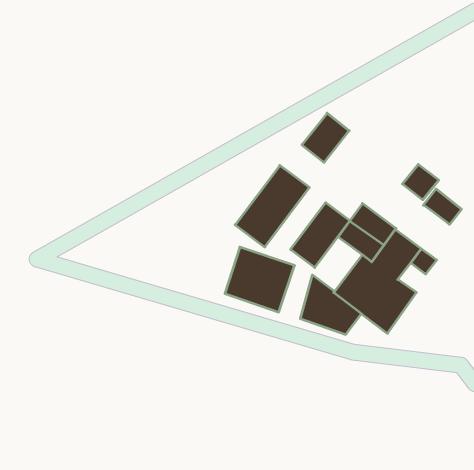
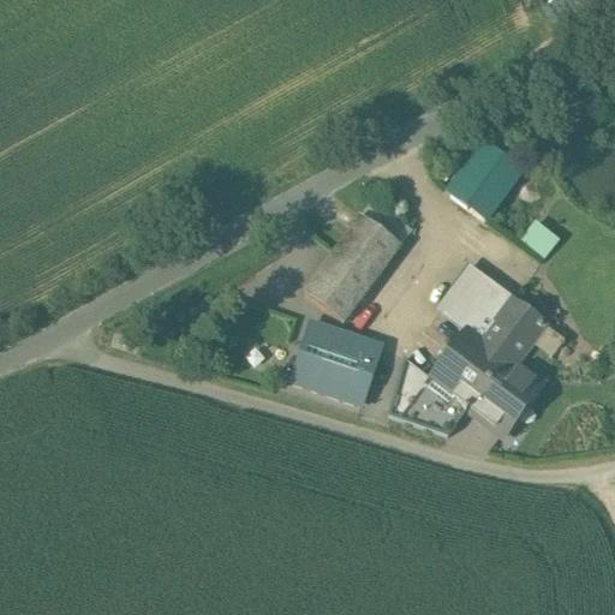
building: [302,113,349,162] -> [460,148,521,211]
building: [423,189,461,224] -> none
building: [291,203,350,268] -> none

